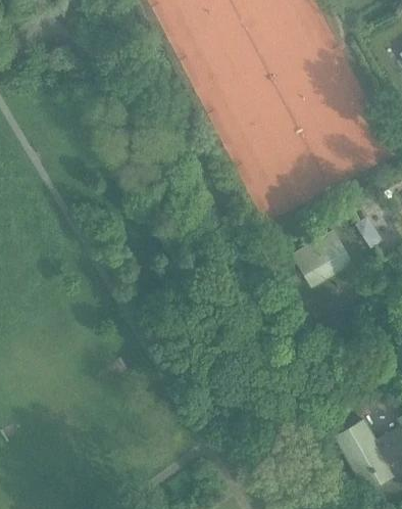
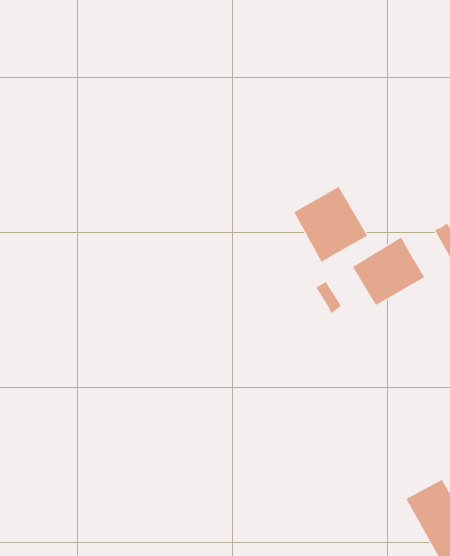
building: none -> [293,186,368,263]

